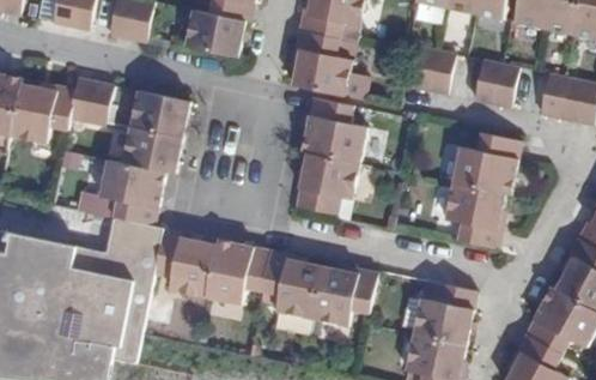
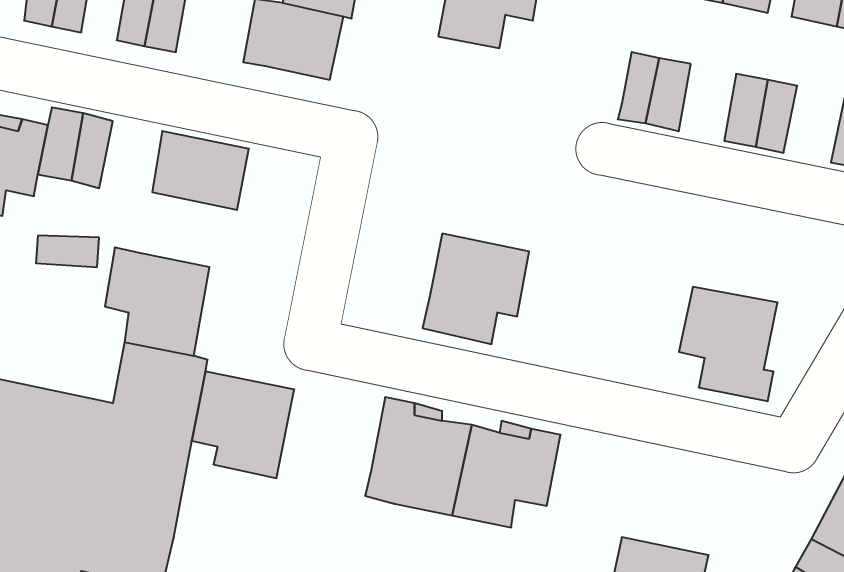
building: [291,30,369,98] -> none
building: [299,96,364,162] -> none
building: [121,126,180,174] -> none
building: [456,127,525,194] -> none
building: [203,240,269,307] -> none
building: [413,286,475,346] -> none

